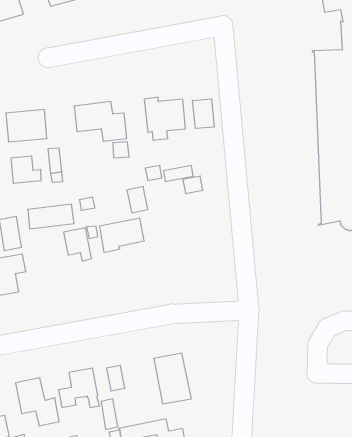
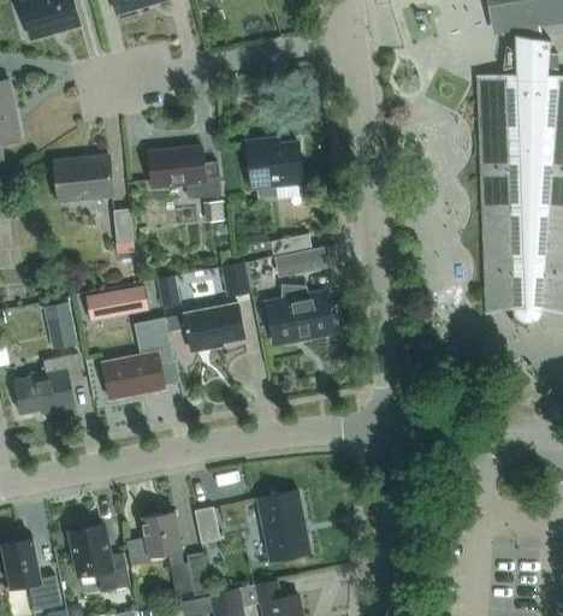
building: [193,99,214,129] -> none
building: [11,156,41,183] -> none
building: none -> [266,289,337,344]
building: none -> [101,353,165,401]

